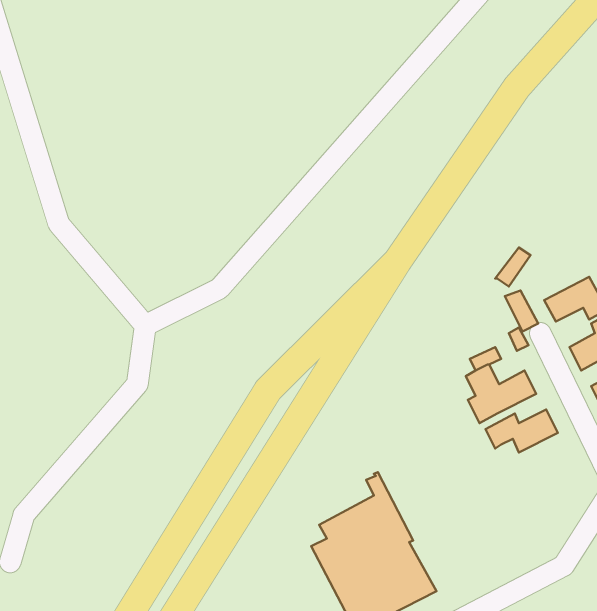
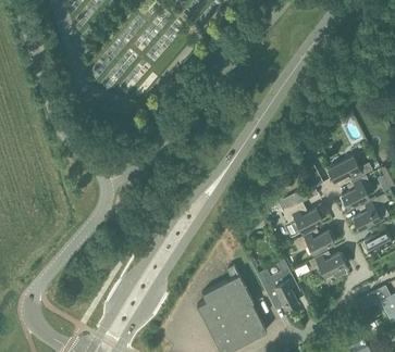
building: none -> [309,252,345,279]
building: none -> [257,260,297,307]

